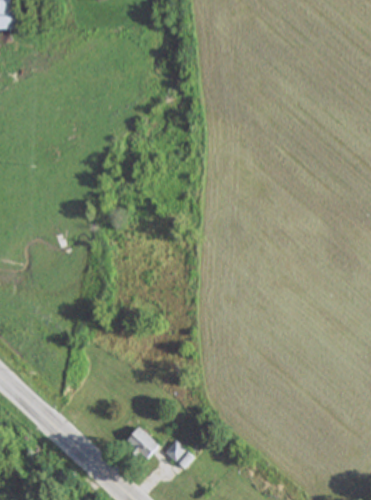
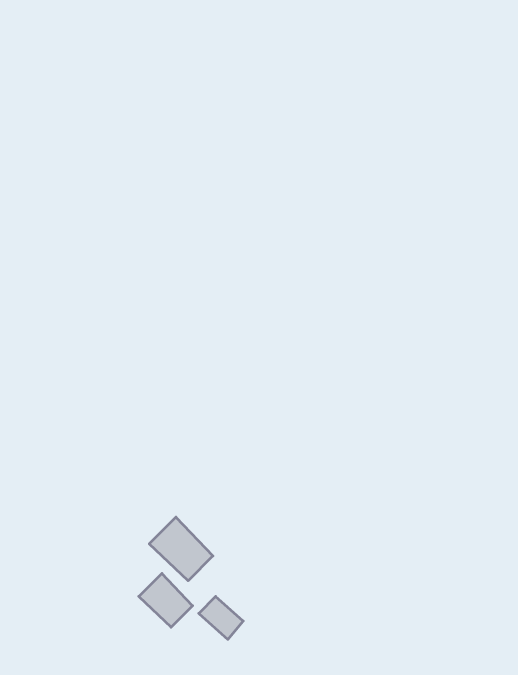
building: none -> [149,517,213,581]

